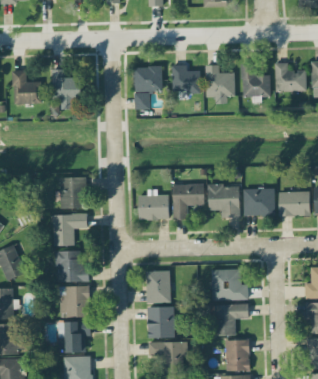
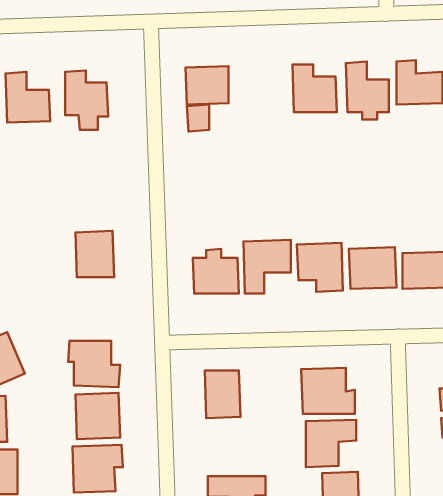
building: [172,65,200,93] -> none
building: [52,214,87,246] -> none
building: [147,306,177,338] -> none

